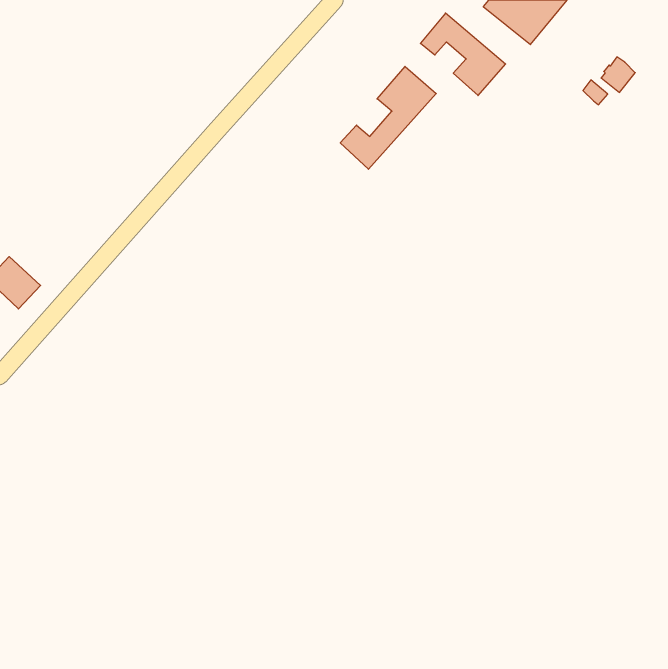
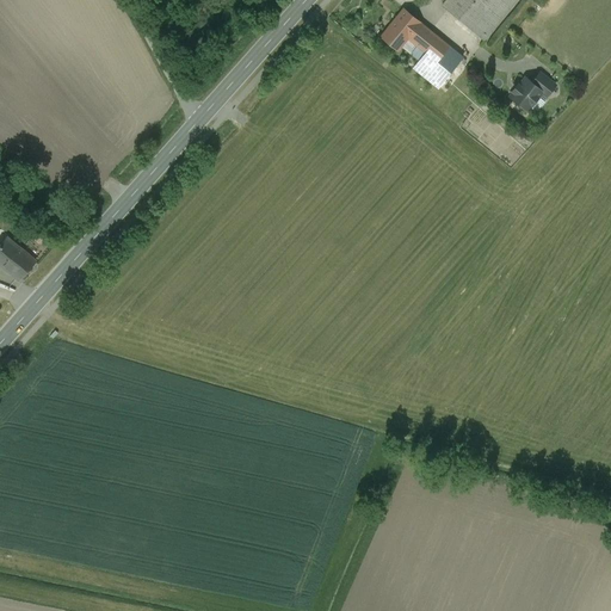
building: [601,57,635,92] -> [510,78,541,110]
building: [340,66,436,169] -> none

